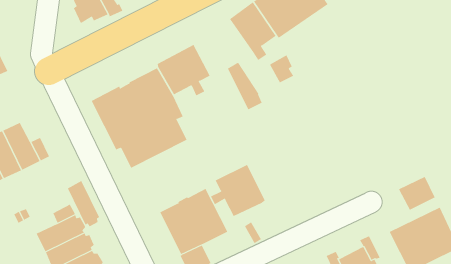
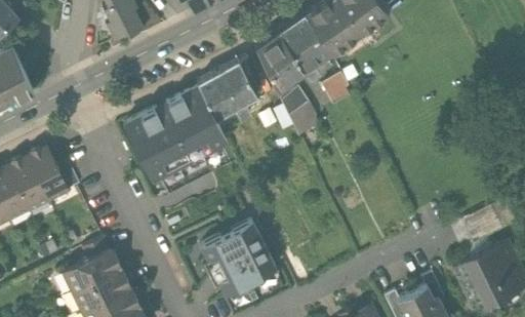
building: none -> [255,33,302,87]
building: [210,164,266,217] -> none
building: [67,180,100,227] -> none

